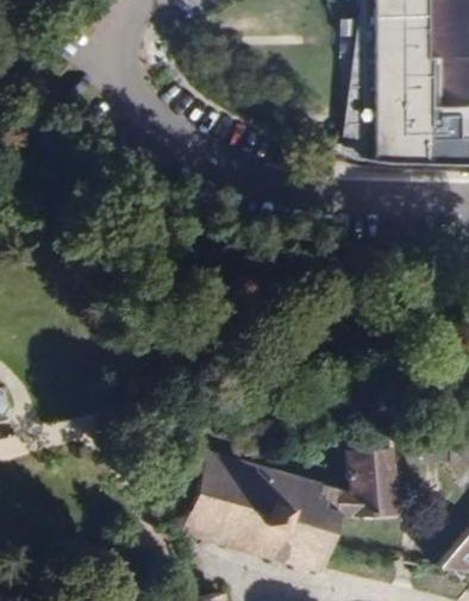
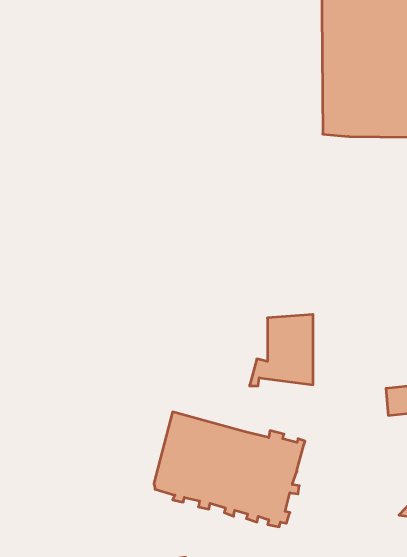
building: [336,439,400,512] -> [250,314,313,386]

